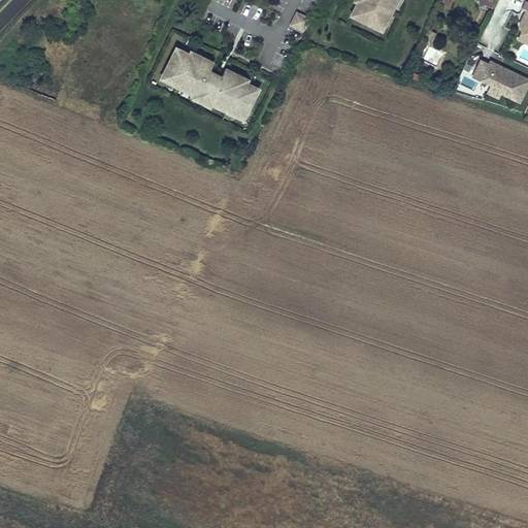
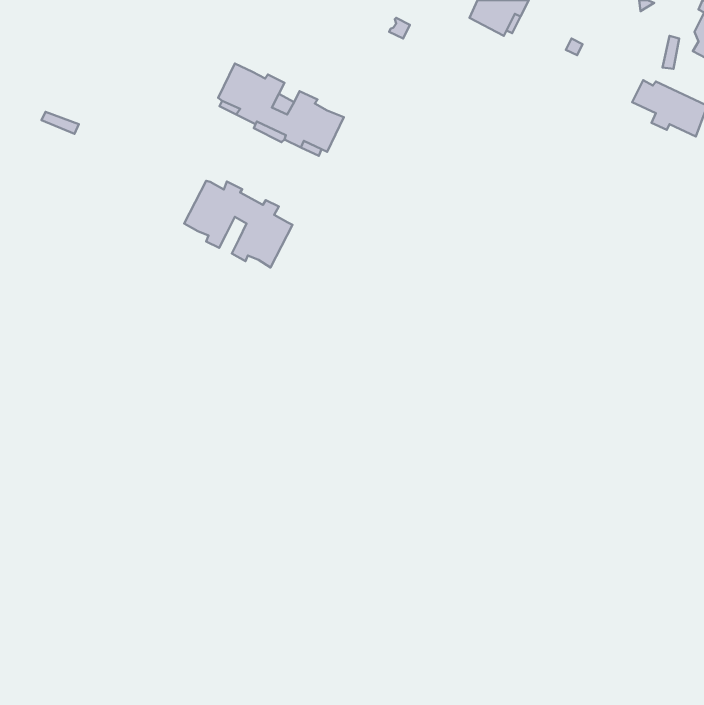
building: none -> [184,181,292,267]

